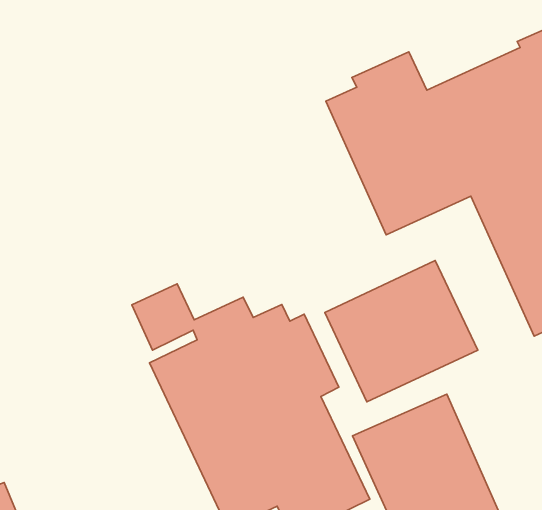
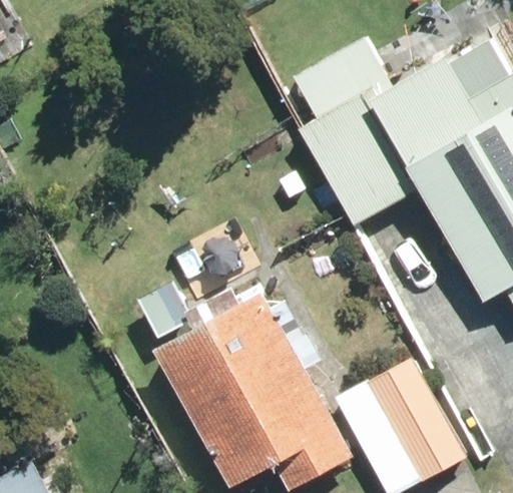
building: [325,260,478,402] -> none

